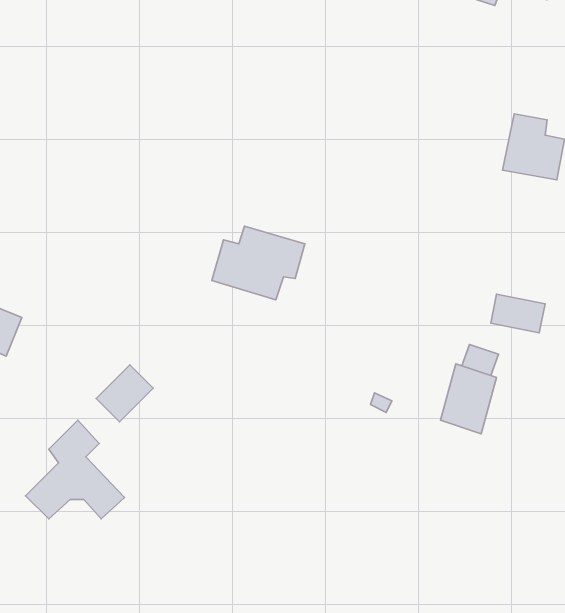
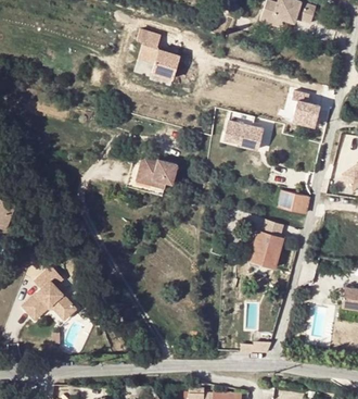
building: none -> [139,33,182,80]
building: none -> [223,115,263,150]
building: [96,365,153,422] -> none

